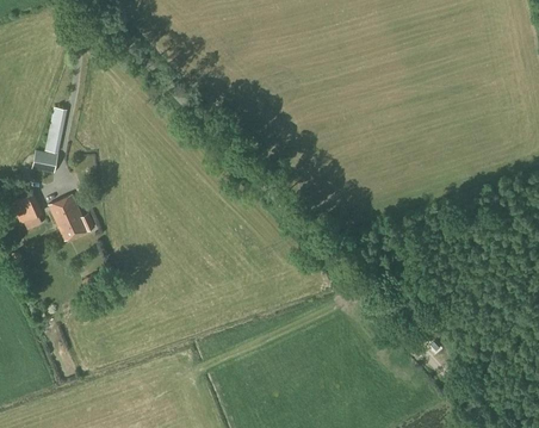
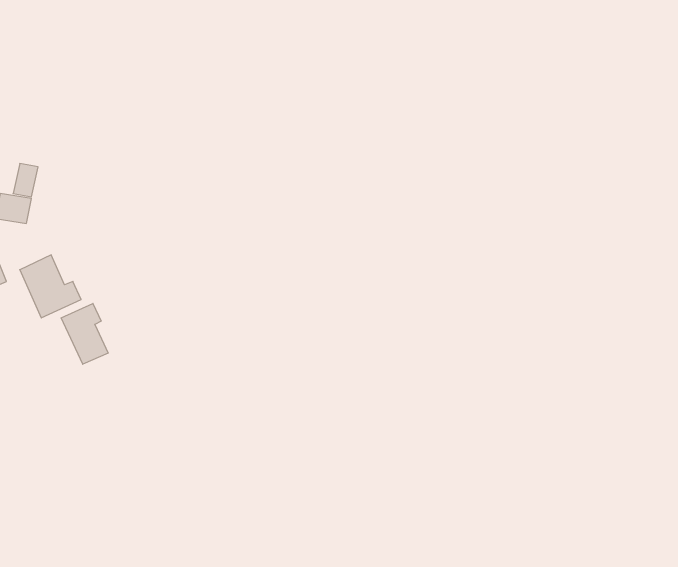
building: none -> [61,303,108,364]

